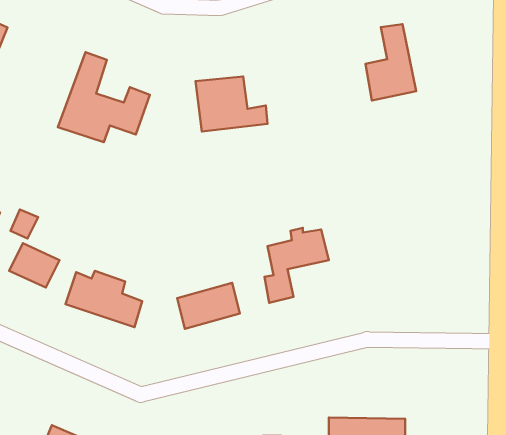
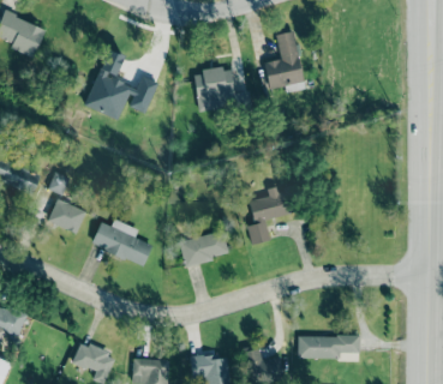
building: [366,24,416,100] -> [264,32,304,92]

